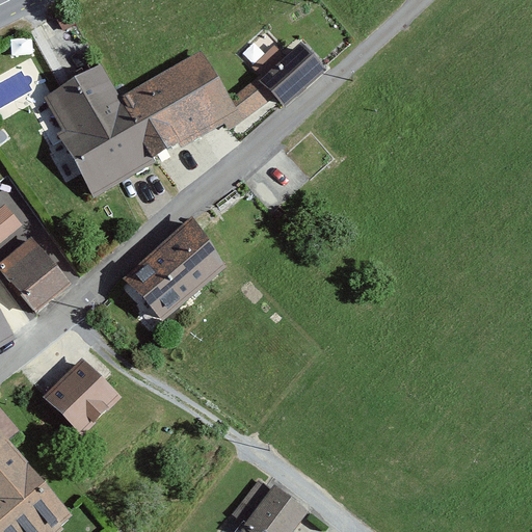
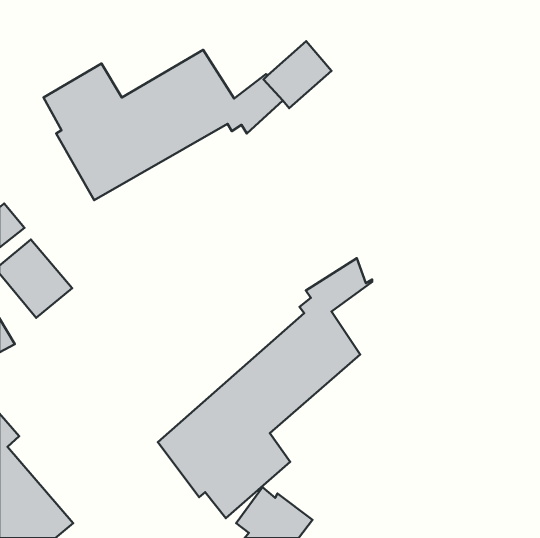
building: [122,216,224,320] -> none
building: none -> [158,258,372,518]
building: [36,362,114,440] -> none

